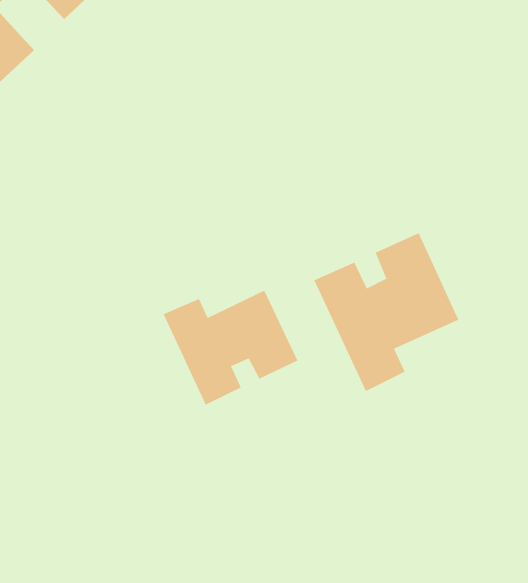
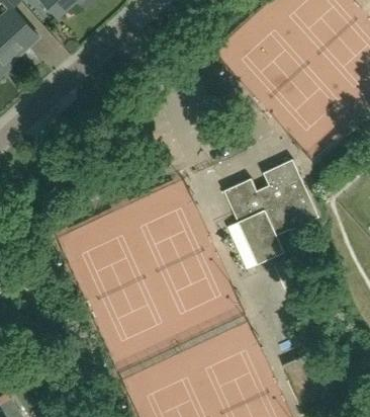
building: [163,290,298,405] -> none

